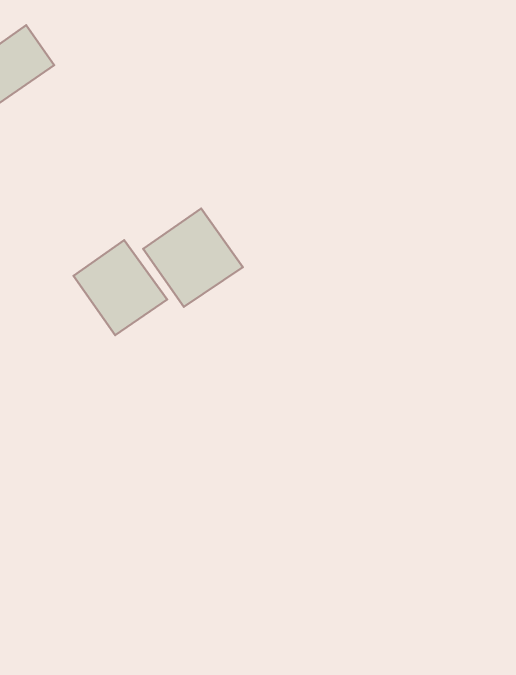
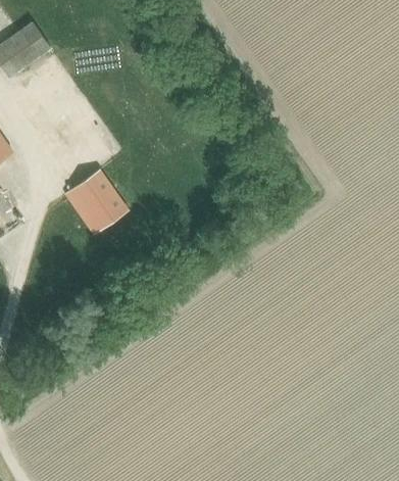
building: [143,209,243,307] -> none

